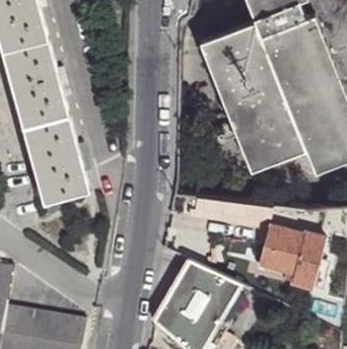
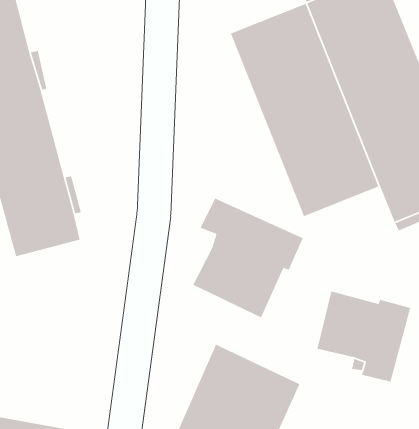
building: none -> [192,197,304,318]

